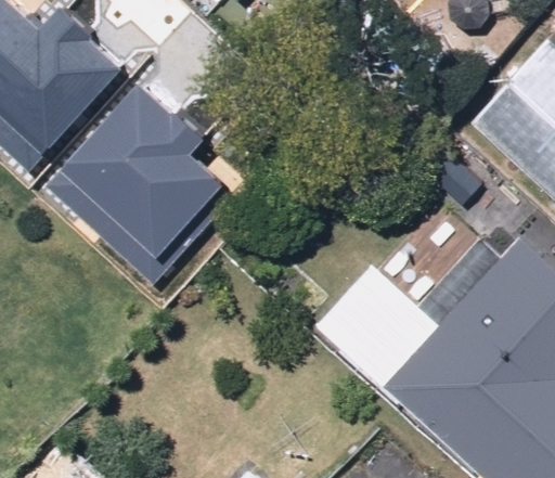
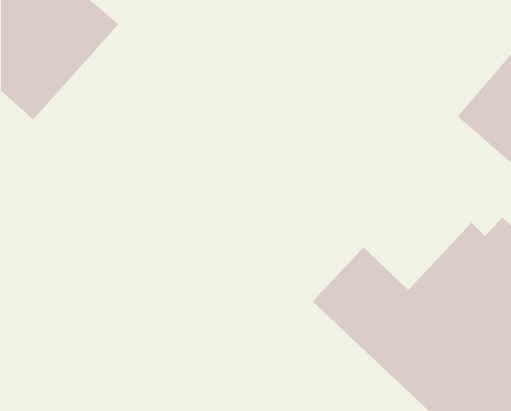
building: [53,54,234,248] -> none

